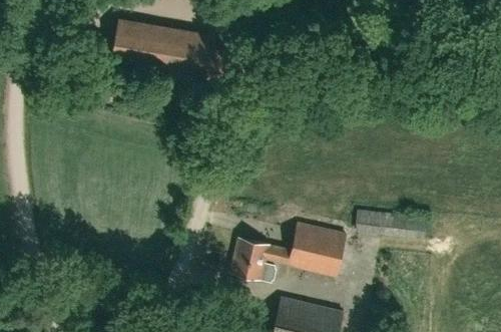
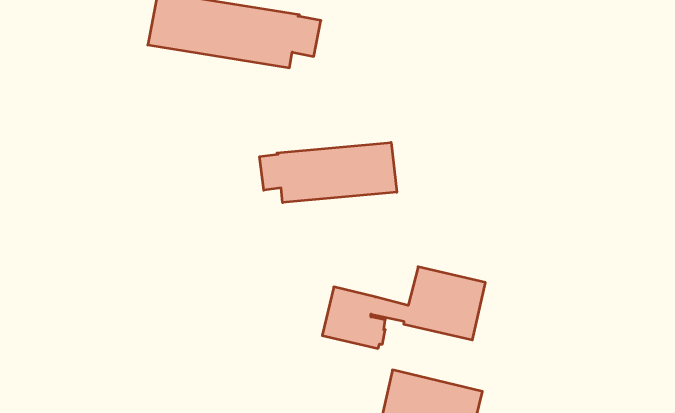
building: none -> [260,142,397,203]
building: [356,209,427,235] -> none

